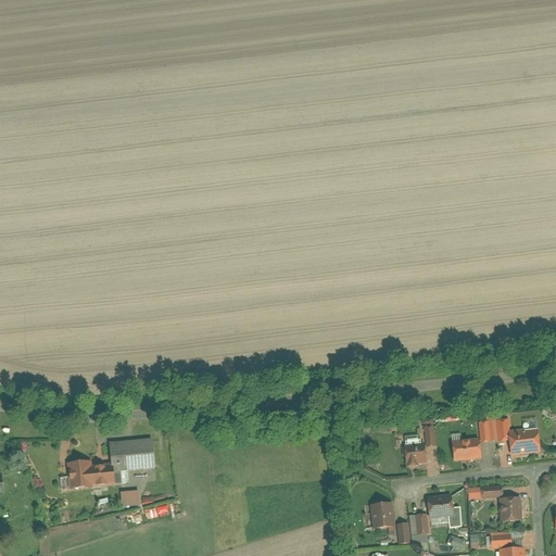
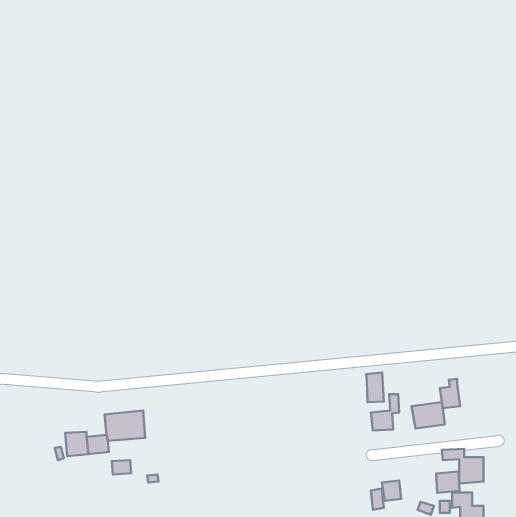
building: none -> [366,372,384,402]
building: [492,410,536,452] -> none
building: [431,496,456,519] -> [436,472,460,493]
building: [375,507,399,532] -> none

